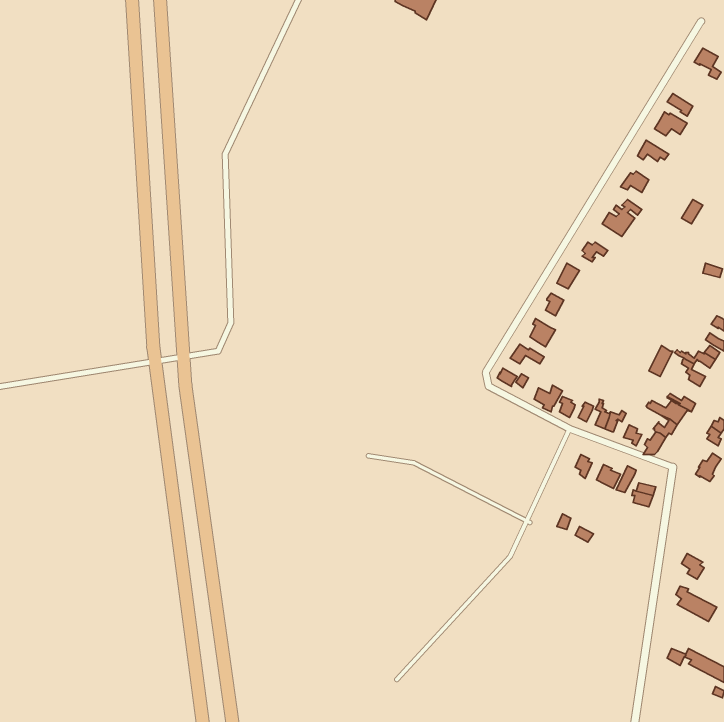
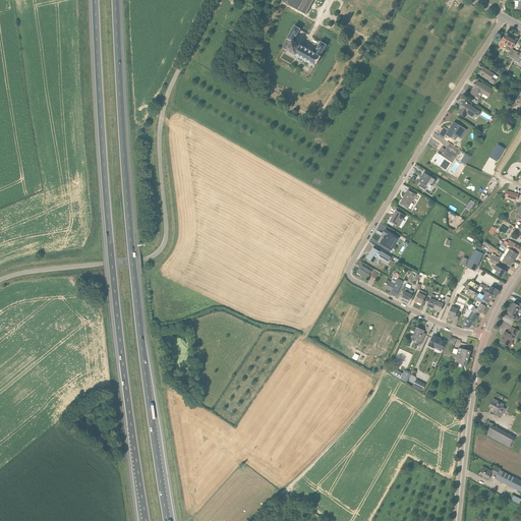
building: none -> [282,25,326,65]

